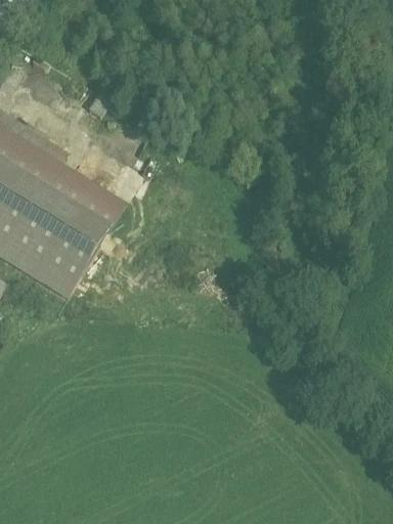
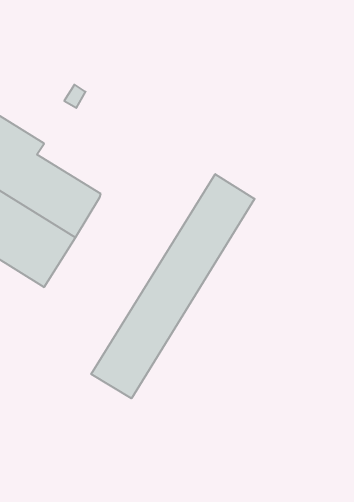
building: none -> [91,174,255,398]

